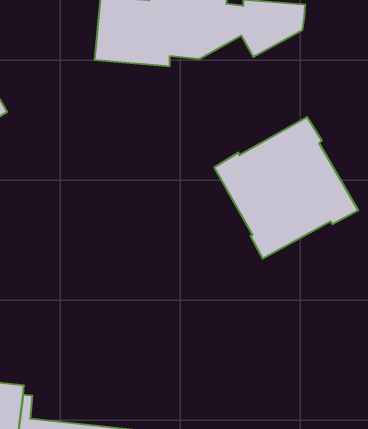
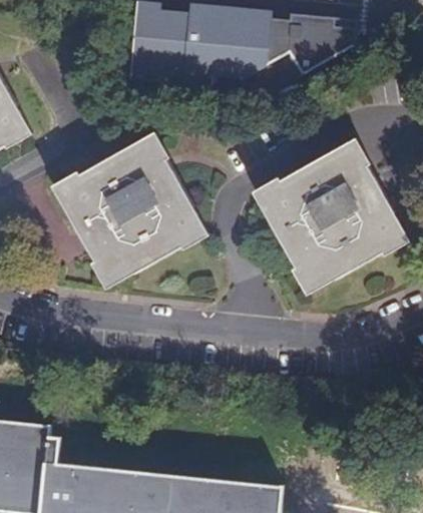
building: none -> [54,132,207,286]

